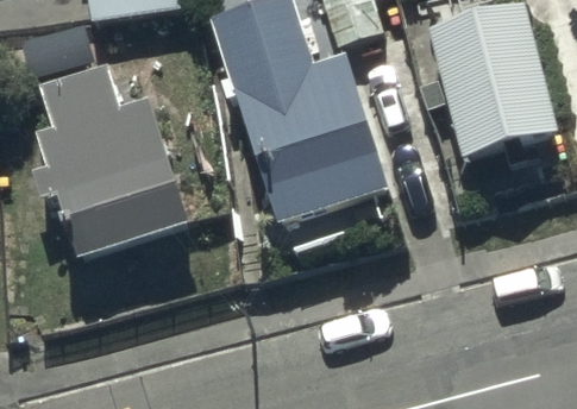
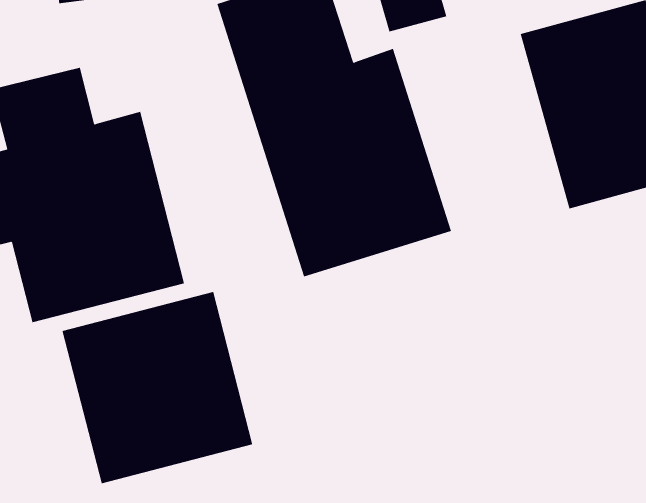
building: none -> [62,291,253,484]

